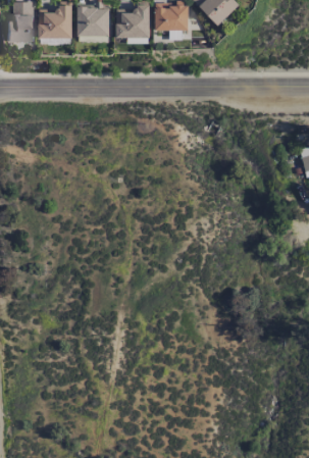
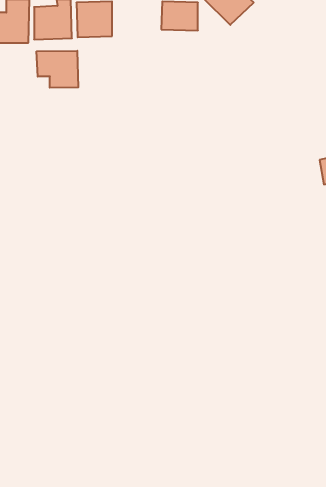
building: [114,8,149,39] -> none
building: none -> [37,51,78,88]

